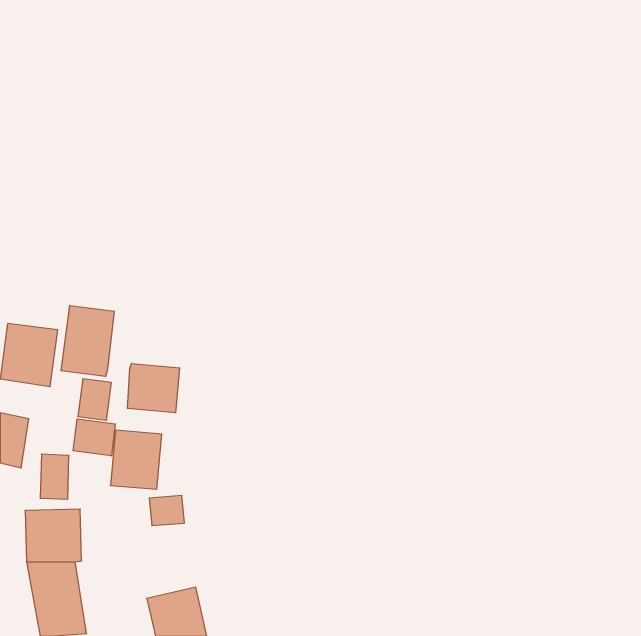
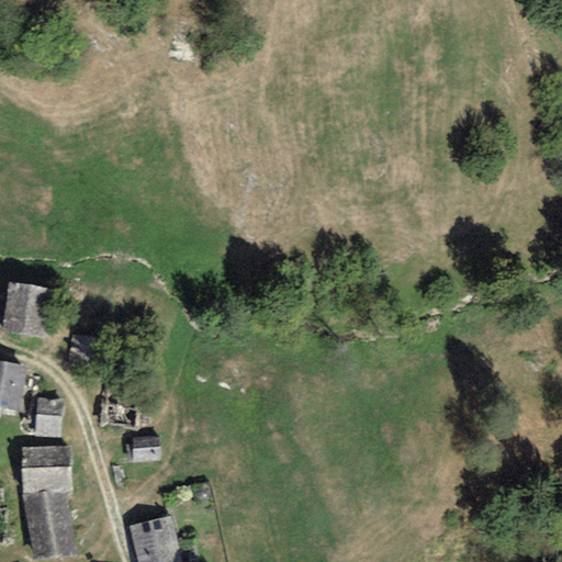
building: [61,305,114,377] -> none
building: [127,363,179,413] -> none
building: [73,419,115,456] -> none

